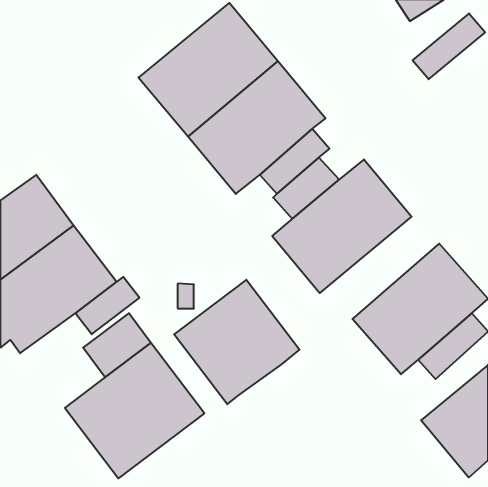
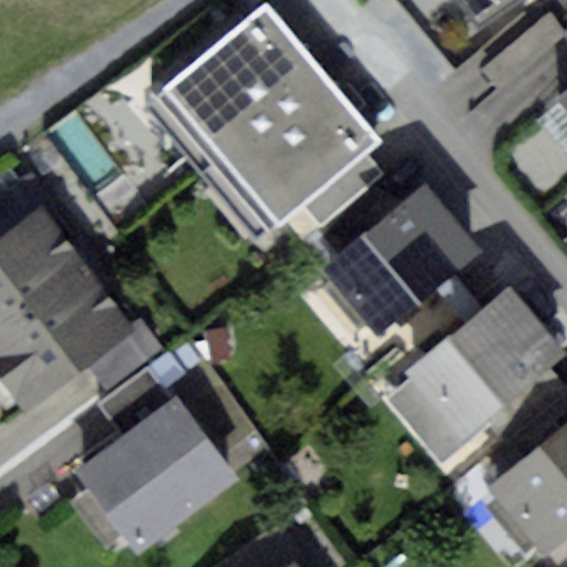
building: [174,280,300,404] -> none

